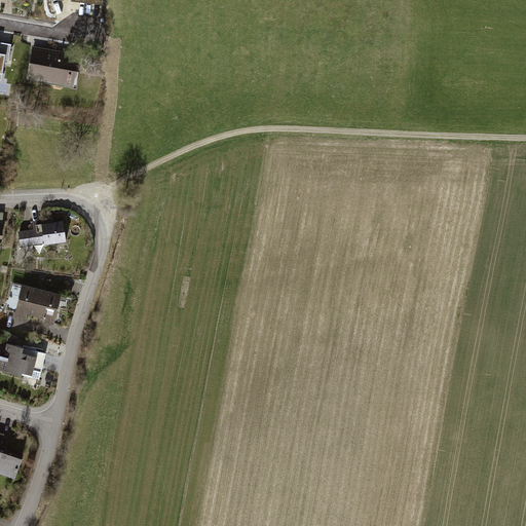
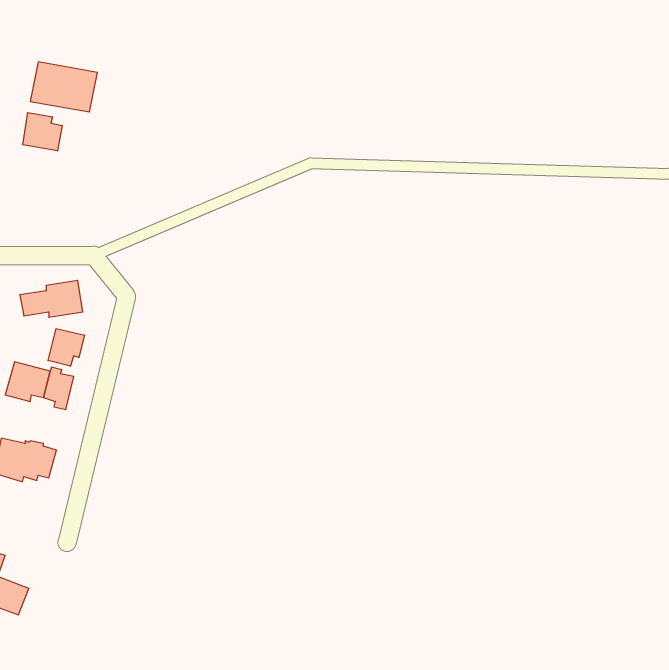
building: none -> [23,113,62,151]
building: none -> [48,329,84,366]

